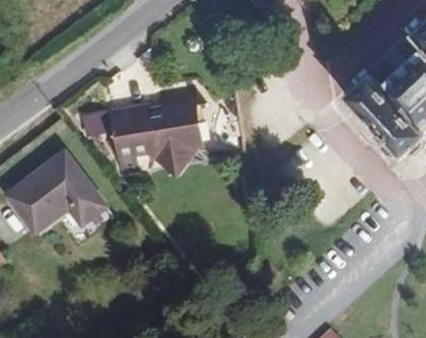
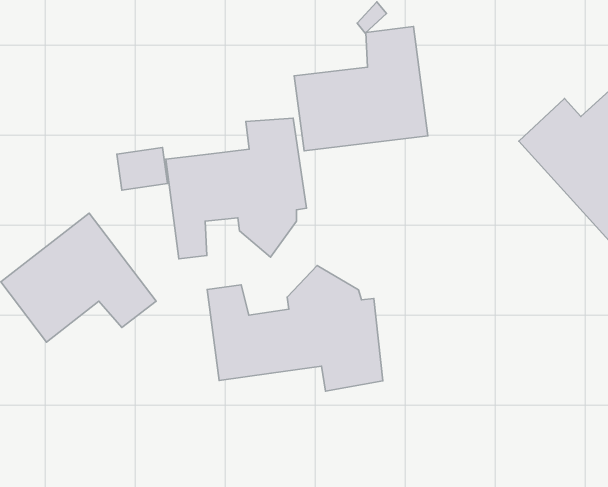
building: none -> [294,26,428,151]
building: none -> [207,266,383,391]

